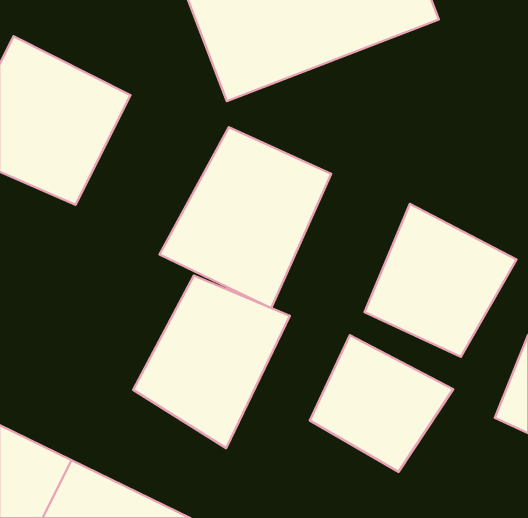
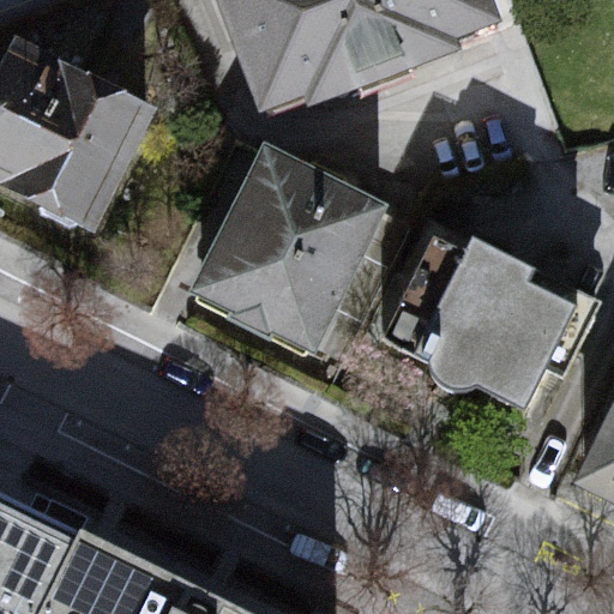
building: [133,276,290,448] -> none
building: [310,335,453,472] -> none

